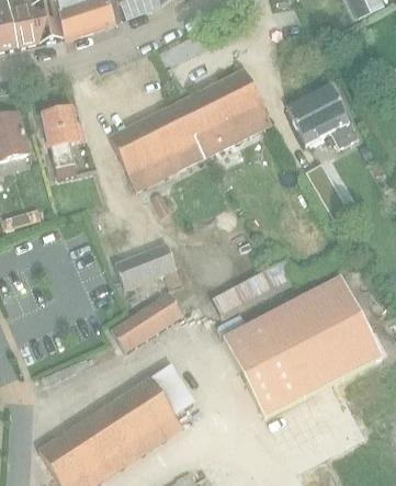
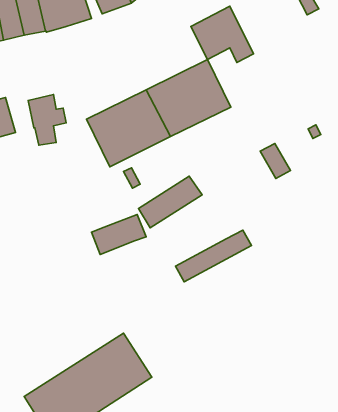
building: [287,82,358,146] -> [191,6,253,63]
building: [224,274,383,416] -> none
building: [112,292,183,350] -> [139,176,202,228]

